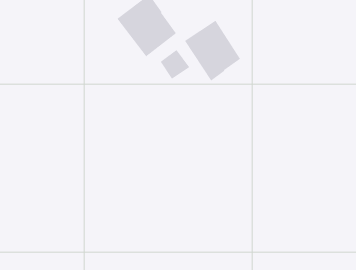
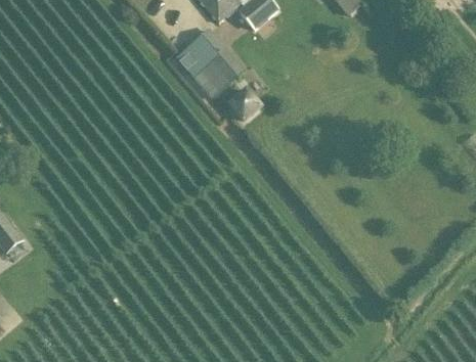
building: [184,20,241,82] -> none

